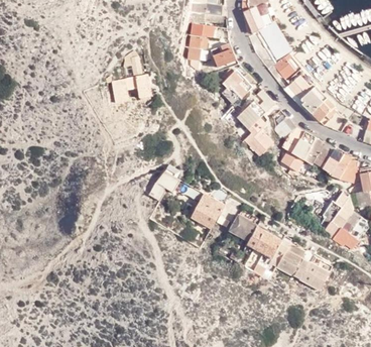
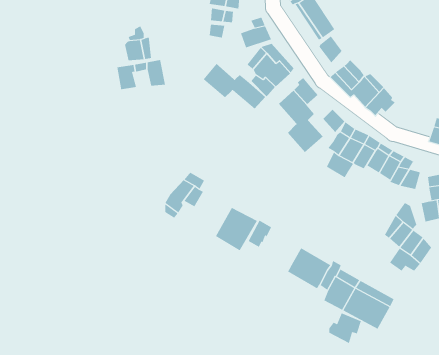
building: none -> [203,63,266,110]
building: [231,216,260,243] -> none
building: none -> [329,312,362,344]

